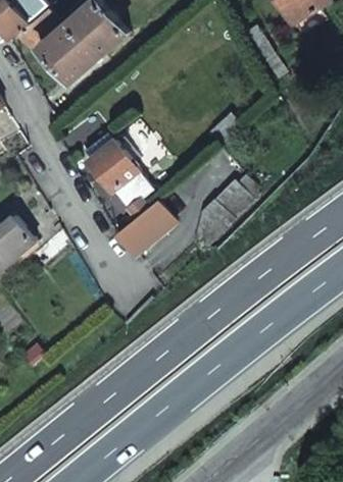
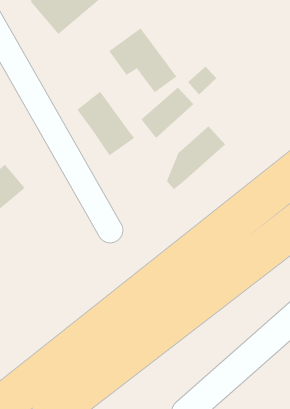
building: none -> [109,27,177,93]
building: [117,203,175,258] -> [140,87,194,139]

